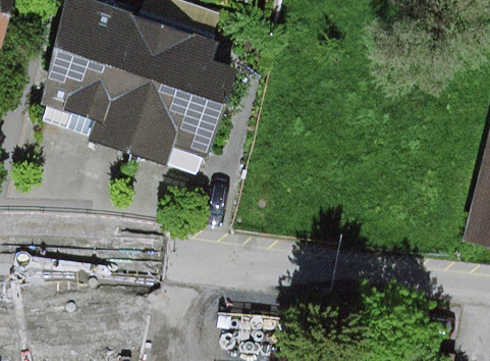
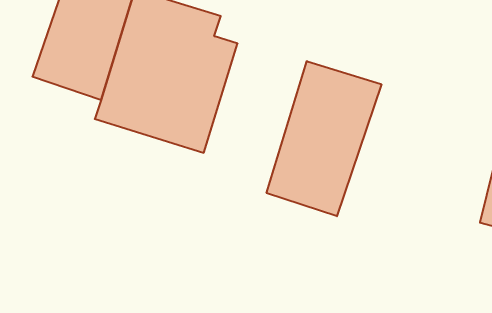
building: none -> [267,61,381,216]

